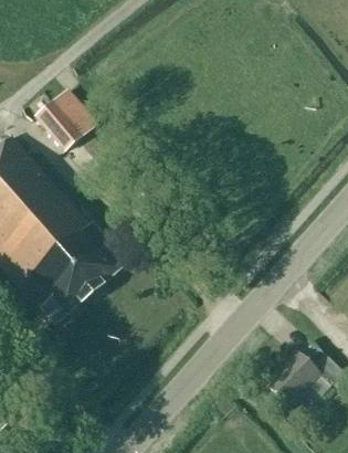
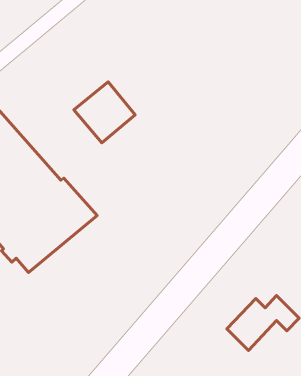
building: [35,87,101,152] -> [74,82,135,143]

